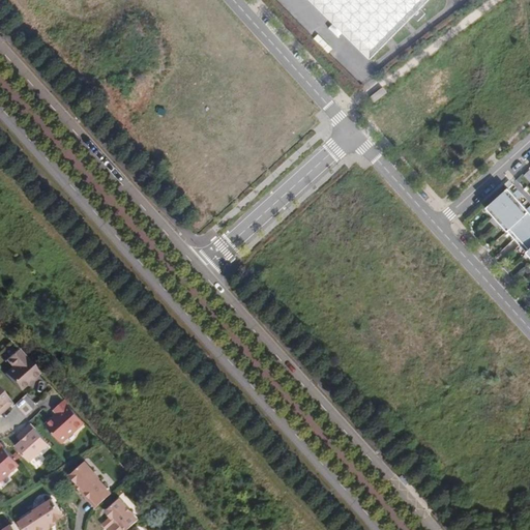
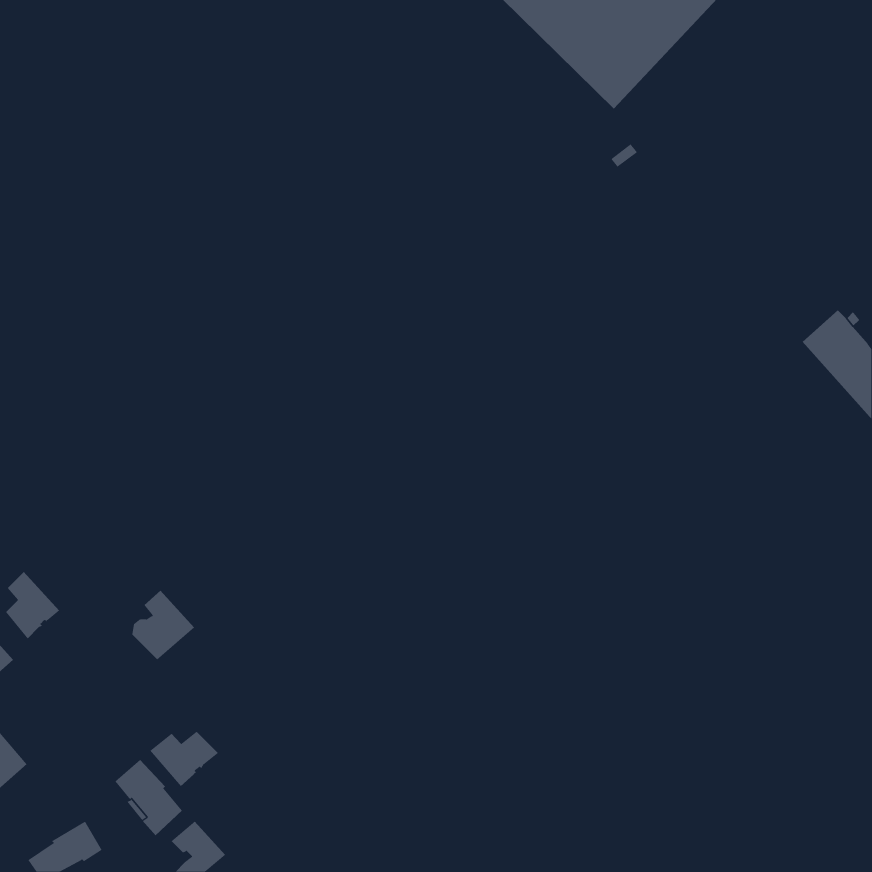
building: [43,398,82,440] -> [131,590,195,660]
building: [13,422,47,460] -> none
building: none -> [150,731,219,787]

